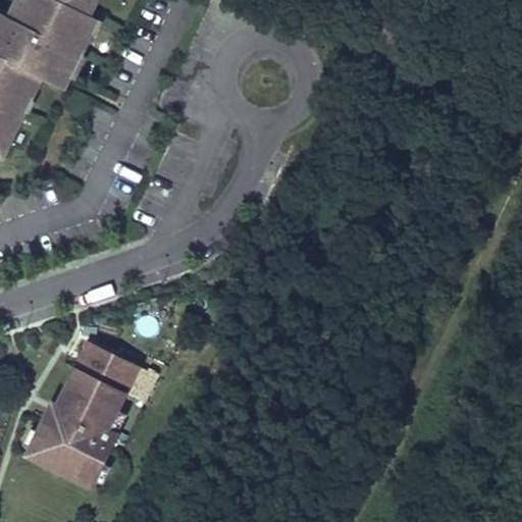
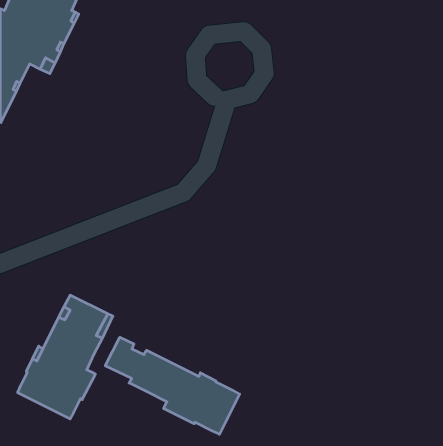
building: none -> [105,337,240,434]

